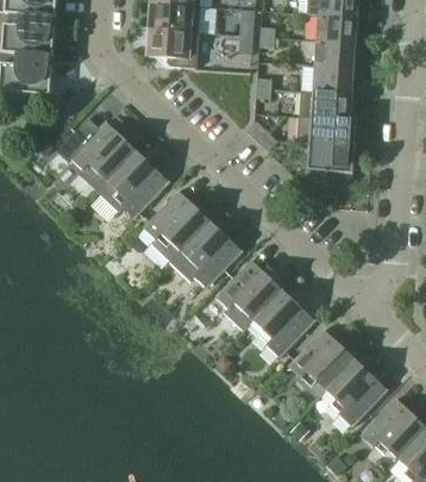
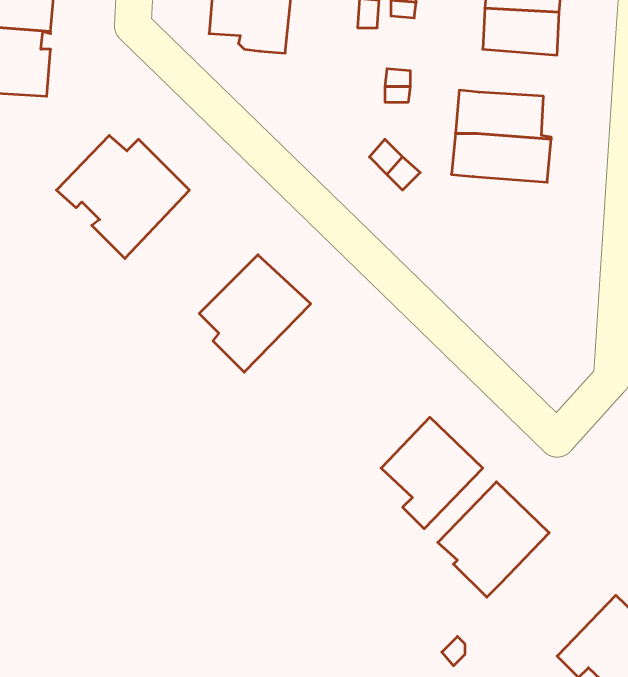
building: [312,64,359,93] -> none
building: [306,142,353,179] -> none
building: [96,150,168,218] -> none
building: [169,219,242,287] -> none
building: [214,258,282,330] -> none
building: [325,358,387,425] -> none

